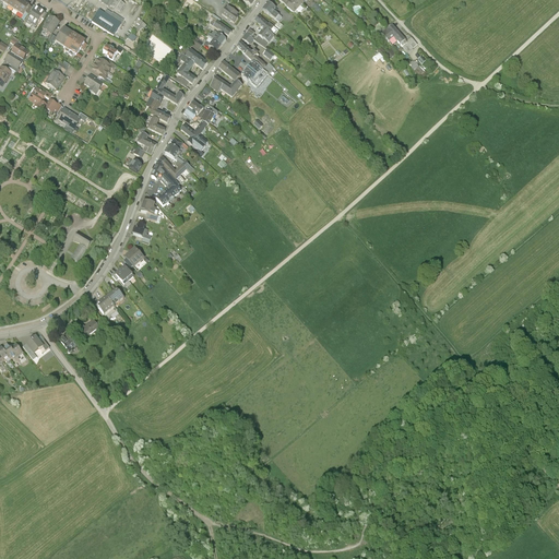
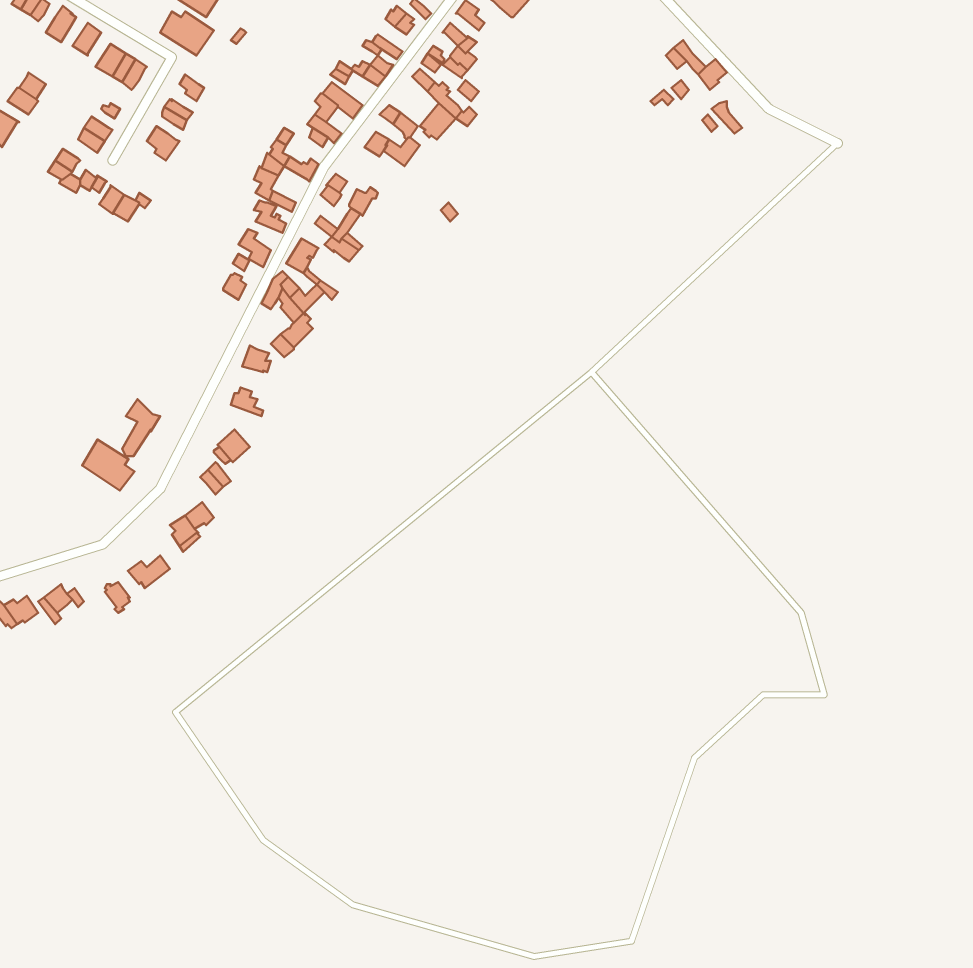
building: none -> [82,439,134,491]

